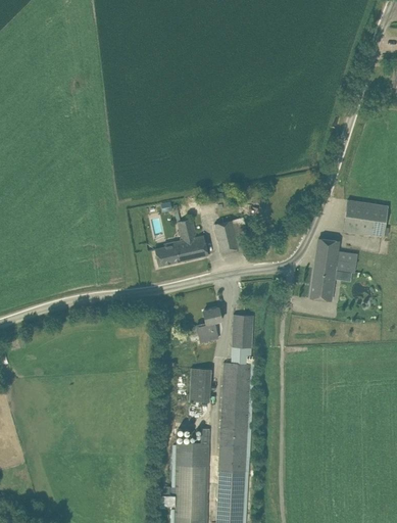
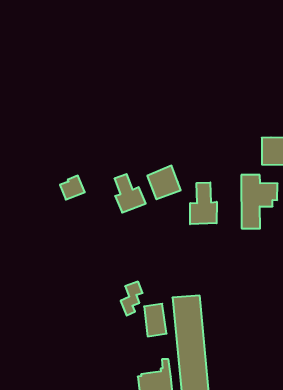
building: none -> [190,182,217,224]
building: [154,241,181,266] -> [60,176,85,200]
building: [196,307,221,343] -> [121,282,143,316]
building: [232,314,253,347] -> none

